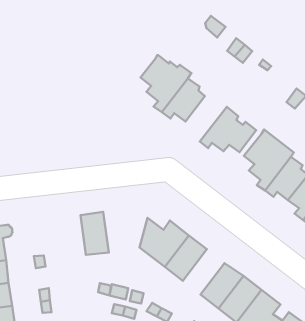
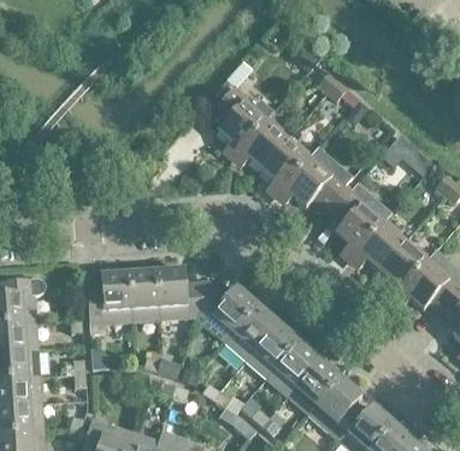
building: none -> [263,138,313,192]
building: none -> [157,267,210,319]
building: none -> [88,272,132,333]
building: none -> [247,322,299,376]

